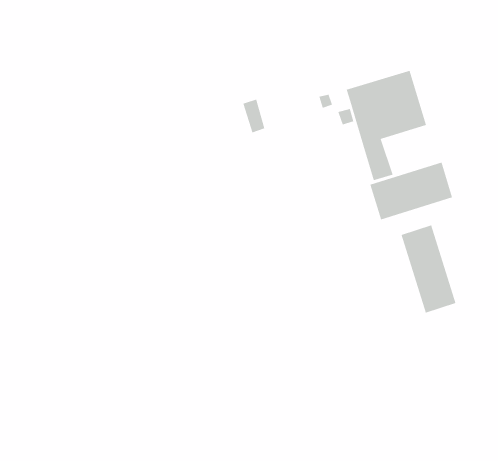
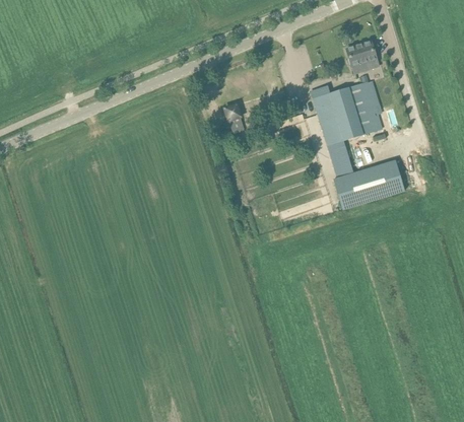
building: none -> [347,41,378,72]
building: [401,224,456,314] -> none

